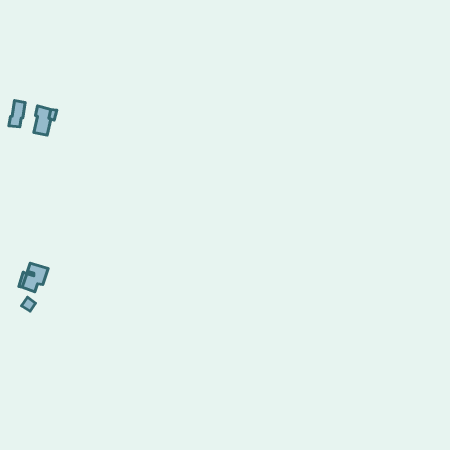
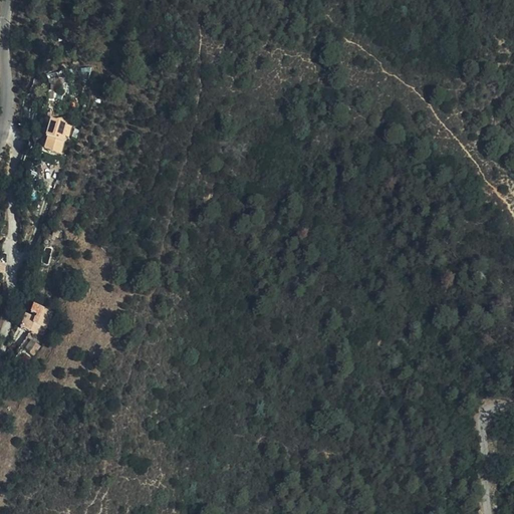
building: [9,101,25,127] -> none

